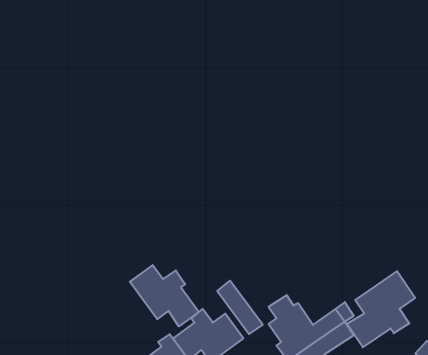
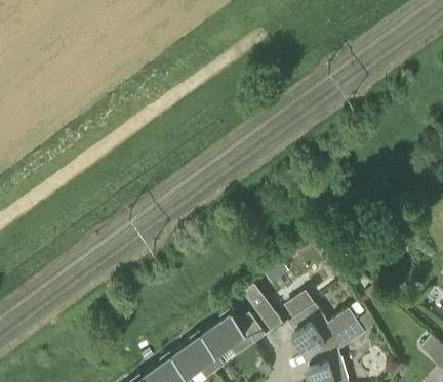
building: [130,265,199,326] -> none
building: [347,271,415,347] -> none

